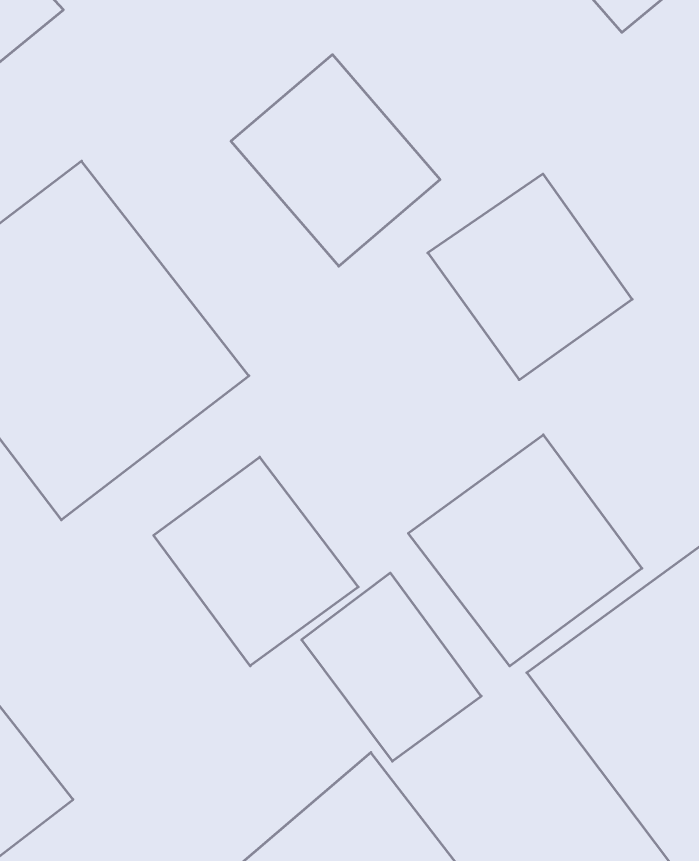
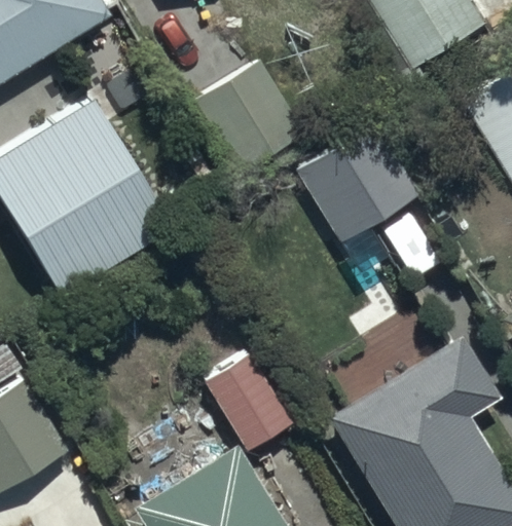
building: [408,435,642,666] -> none
building: [154,457,358,666] -> none

